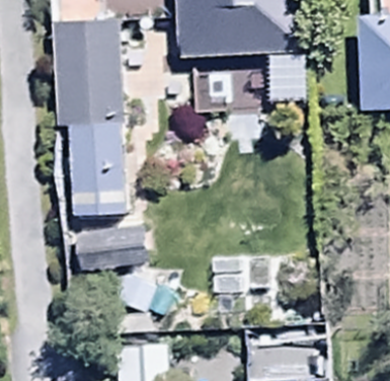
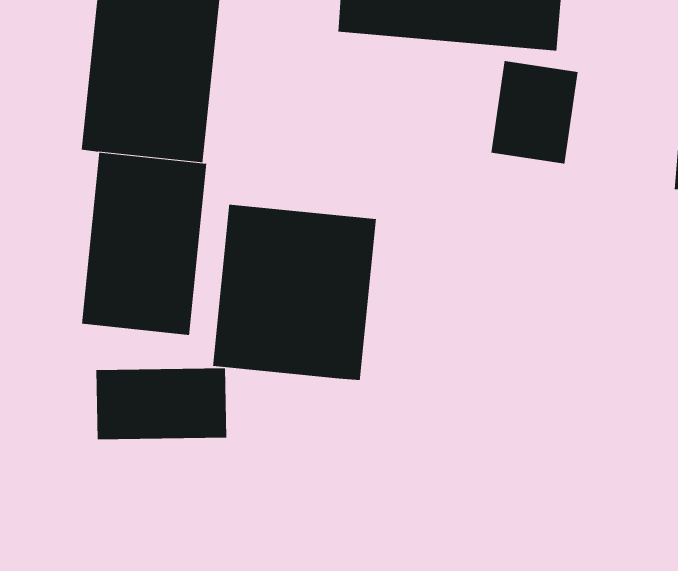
building: none -> [212,204,376,381]

